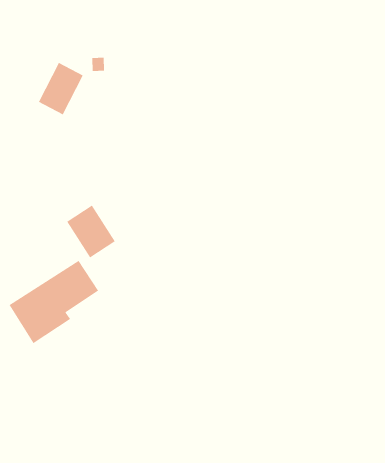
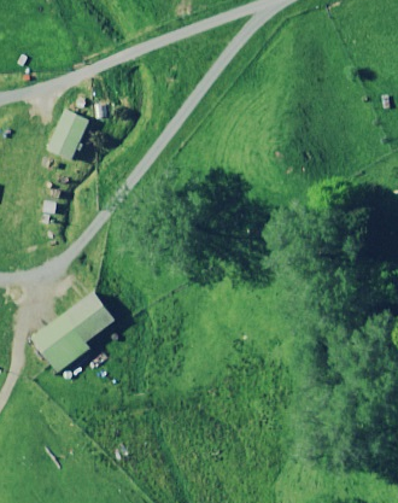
building: [66,204,116,258] -> none

